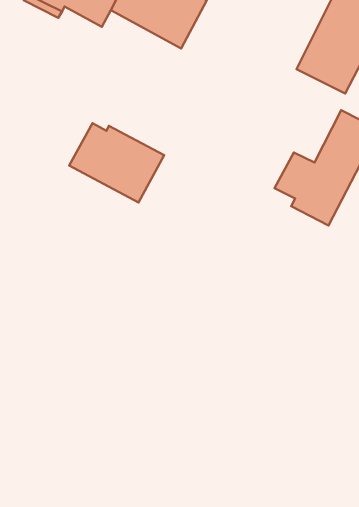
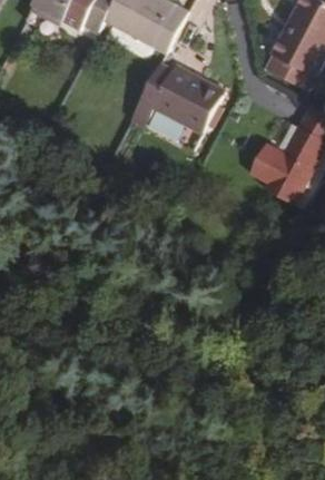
building: [69,123,164,203] -> [140,62,223,131]

